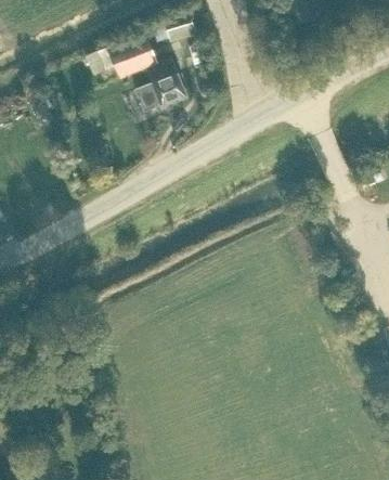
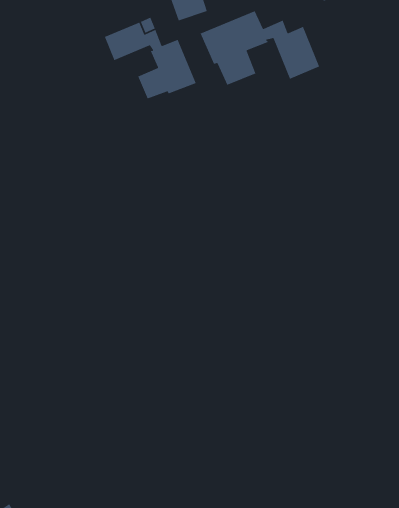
building: none -> [199,10,320,86]

